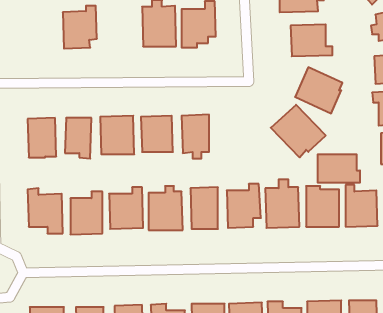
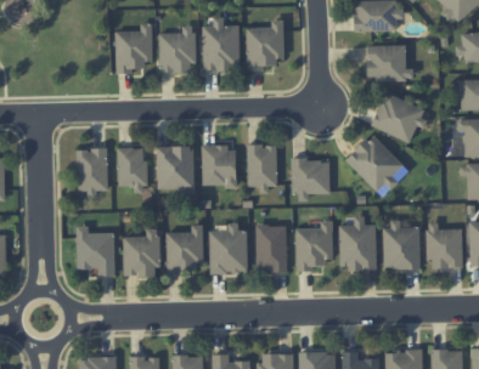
building: none -> [159,25,196,73]
building: none -> [293,159,329,201]
building: [318,154,360,183] -> none

